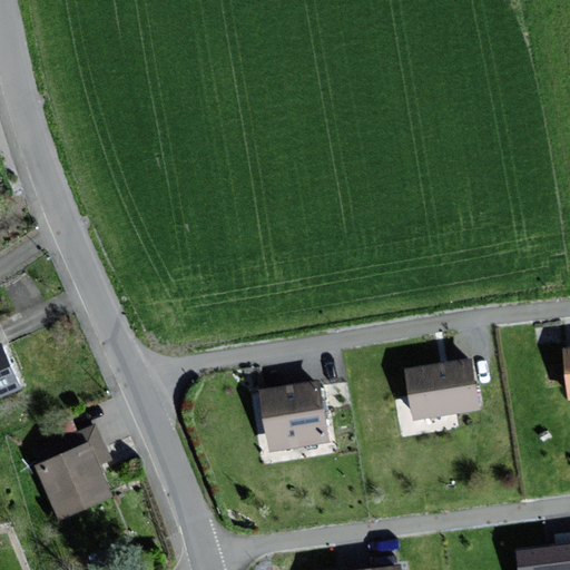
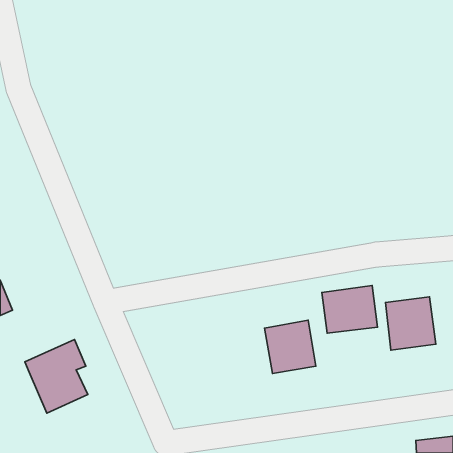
building: none -> [386,297,436,350]
building: [261,383,325,450] -> [265,320,316,373]

